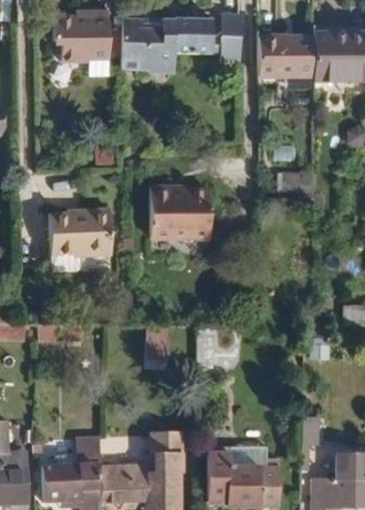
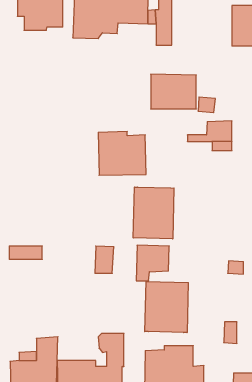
building: [259,35,314,77] -> [151,74,196,109]
building: [50,209,111,256] -> none
building: none -> [133,187,174,239]
building: none -> [145,282,188,333]

